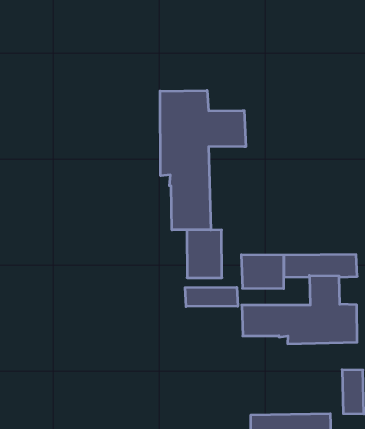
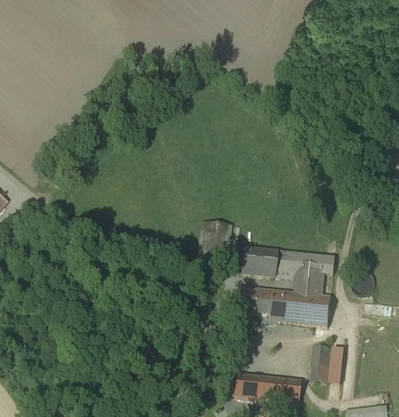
building: [160,90,246,230] -> none
building: [185,287,238,307] -> none

